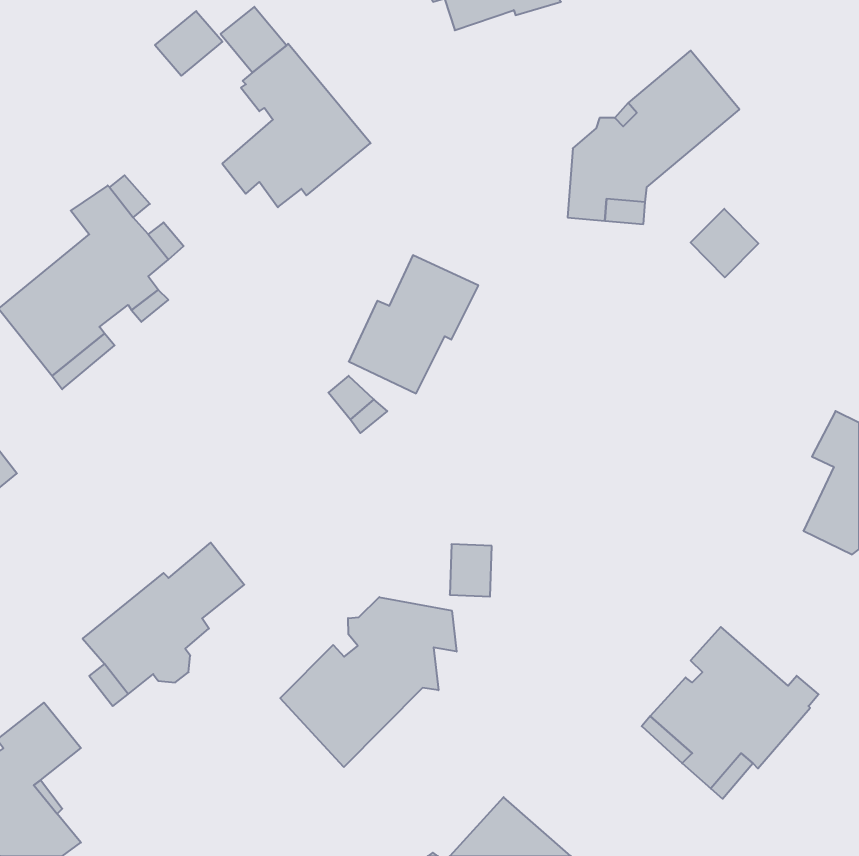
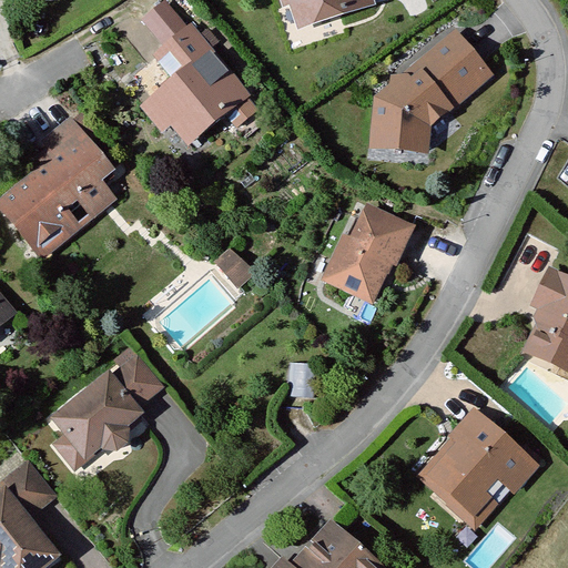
building: [155,11,222,76] -> none
building: [691,209,758,277] -> none
building: [349,255,478,393] -> [325,209,410,300]
building: [280,597,457,767] -> none

